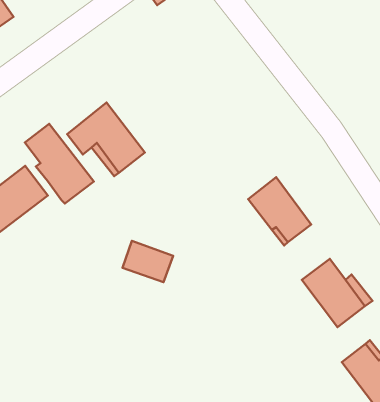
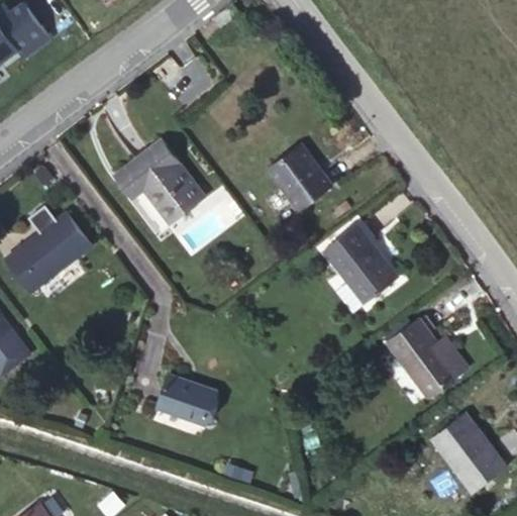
building: none -> [269,145,330,210]
building: [25,124,94,203] -> none
building: [122,241,173,282] -> [157,376,215,423]

